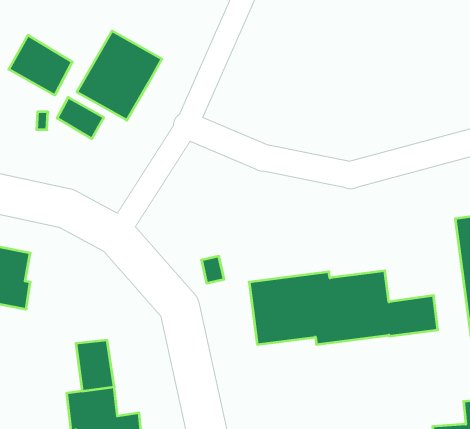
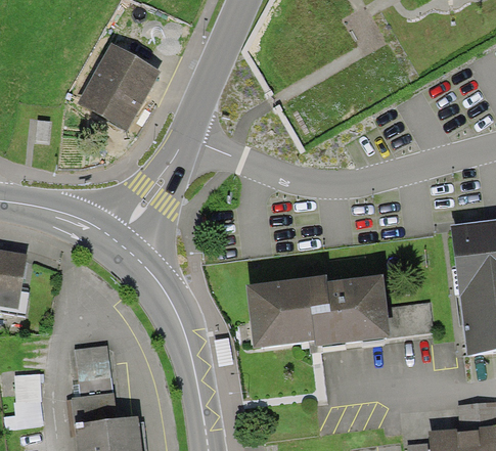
building: [9,35,72,95] -> none
building: [57,97,104,139] -> none
building: none -> [5,374,42,425]

